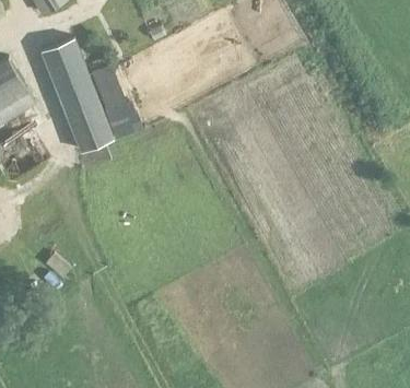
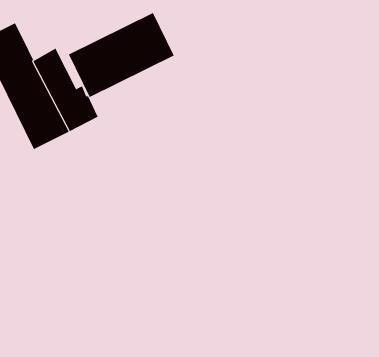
building: none -> [68,12,175,98]

